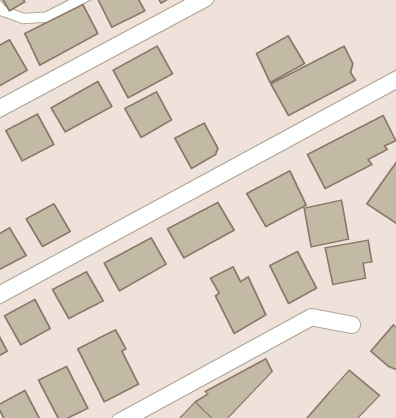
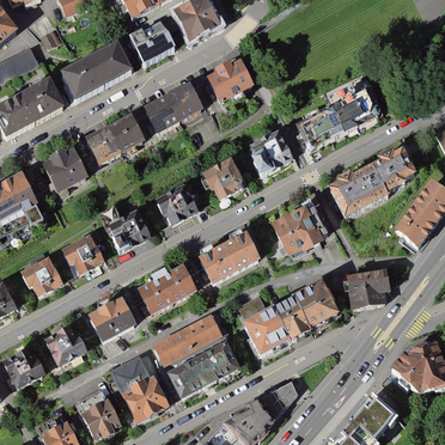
building: none -> [206,56,252,100]
building: [256,36,304,82] -> [249,130,294,175]
building: [125,92,172,137] -> [156,181,200,224]
building: none -> [99,203,151,251]
building: [304,200,348,247] -> none
building: none -> [274,291,312,337]
building: none -> [154,315,224,365]
building: none -> [167,339,242,397]

